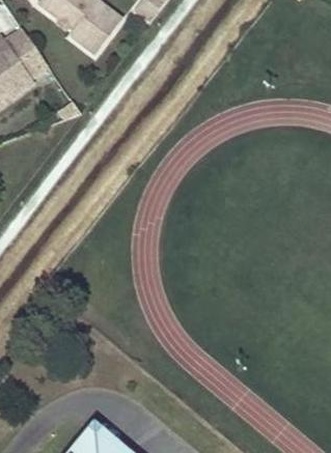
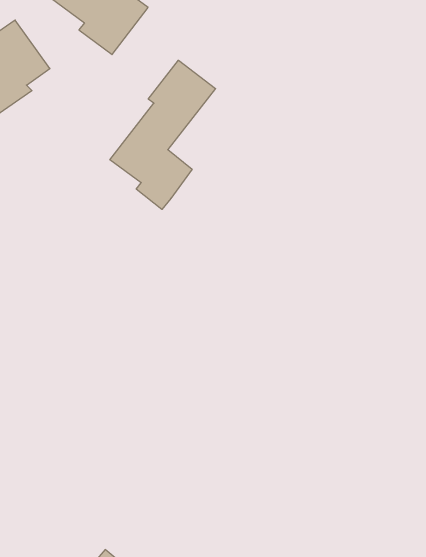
building: none -> [110,60,216,209]

